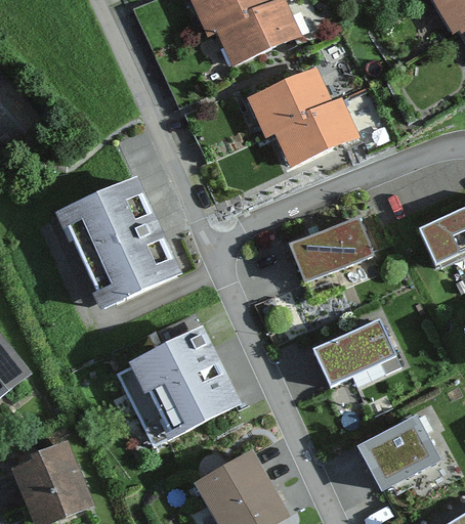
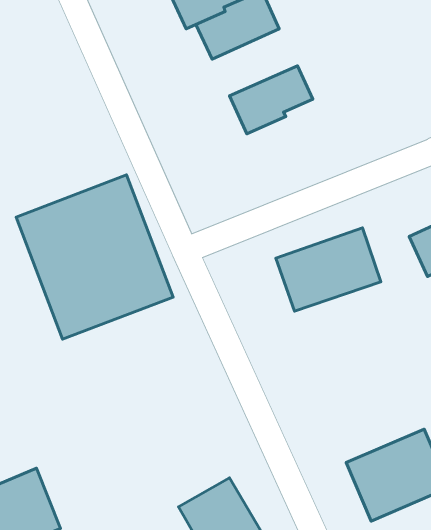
building: [272,94,351,160] -> none
building: [313,319,412,401] -> none
building: [119,332,231,440] -> none

